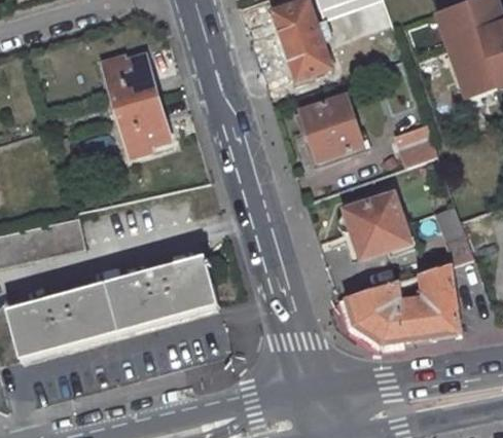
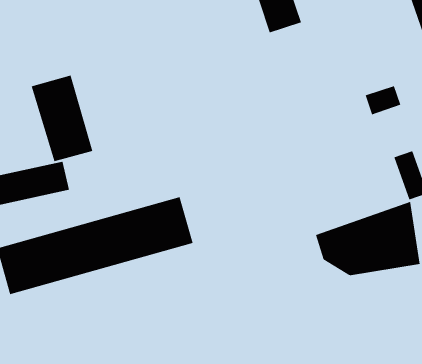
building: [101,56,168,149] -> [31,75,93,162]
building: [301,96,363,158] -> none
building: [331,189,409,255] -> none

